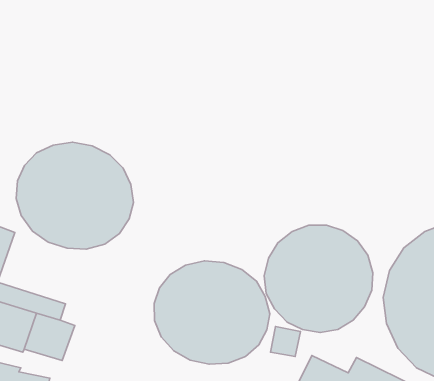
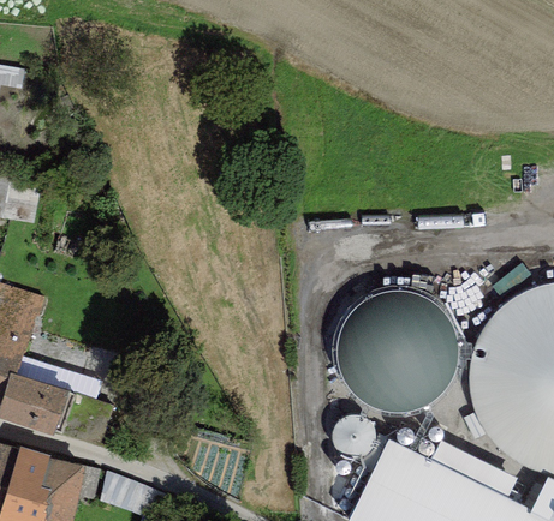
building: [16,142,134,249] -> none
building: [154,261,270,364] -> none

